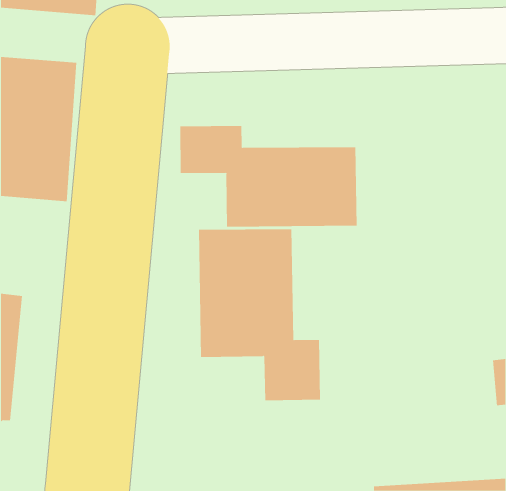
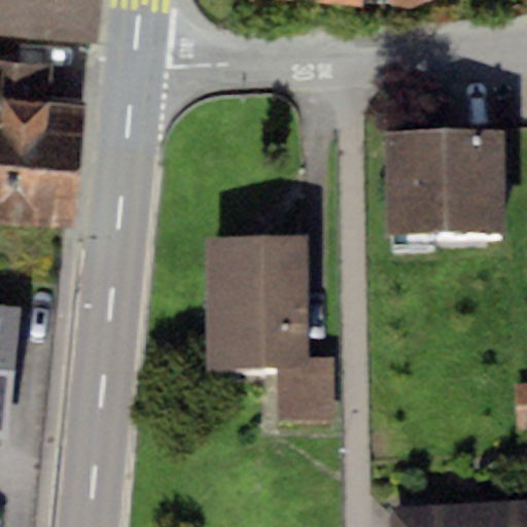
building: [180,125,357,228] -> none
building: none -> [385,136,503,241]

